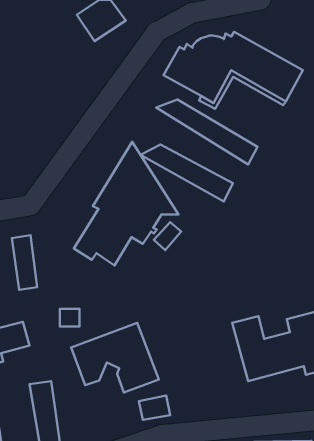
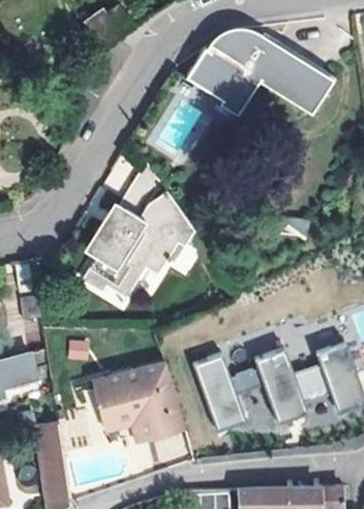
building: [156,99,258,164] -> none
building: [140,144,233,202] -> none
building: none -> [193,354,275,438]
building: none -> [95,399,178,442]

